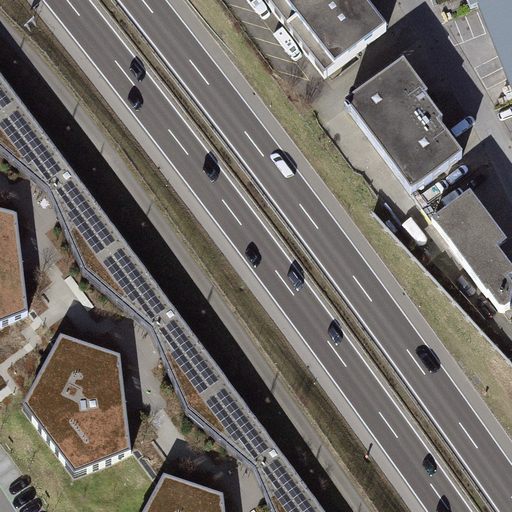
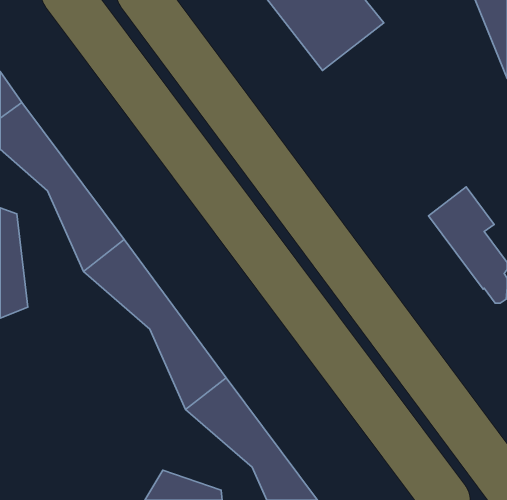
building: [345,57,463,189] -> none
building: [23,334,131,472] -> none

